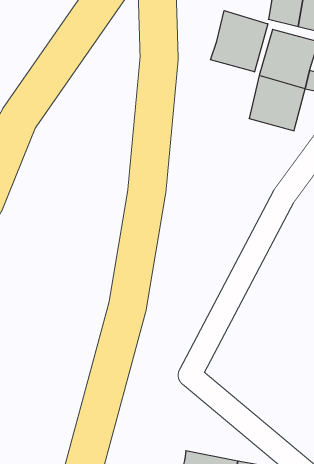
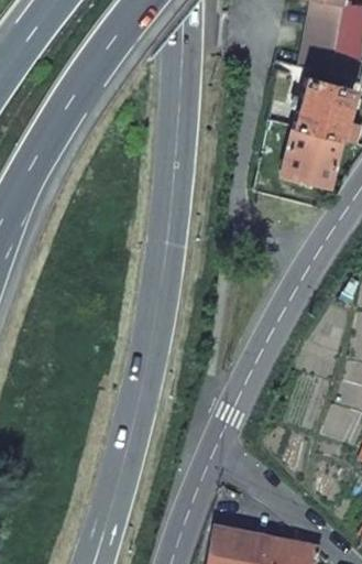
building: [210,11,268,72] -> none

